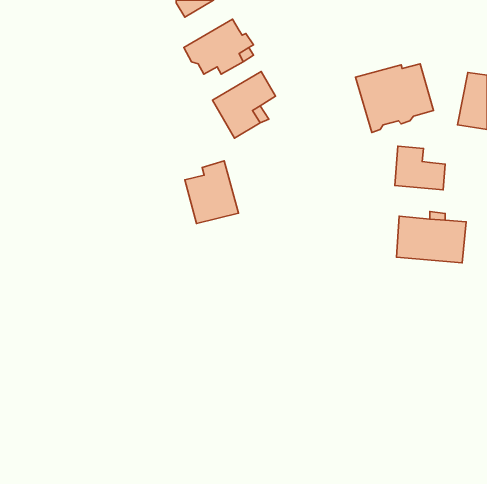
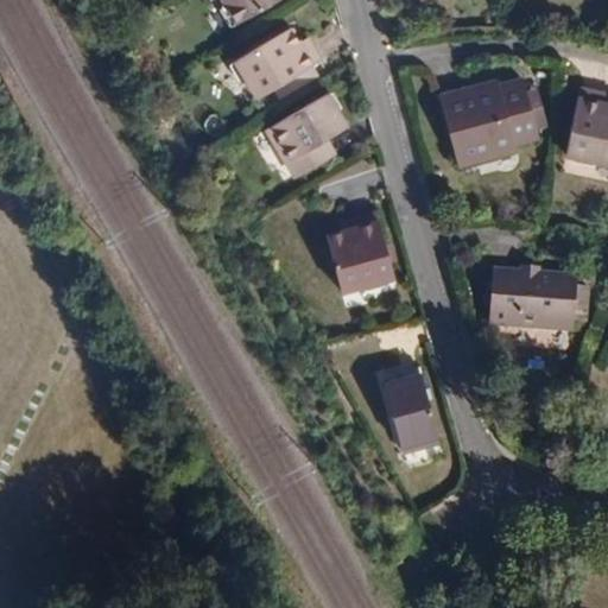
building: [395,146,445,190] -> none
building: [185,161,238,224] -> [324,210,391,289]
building: none -> [382,366,436,449]

